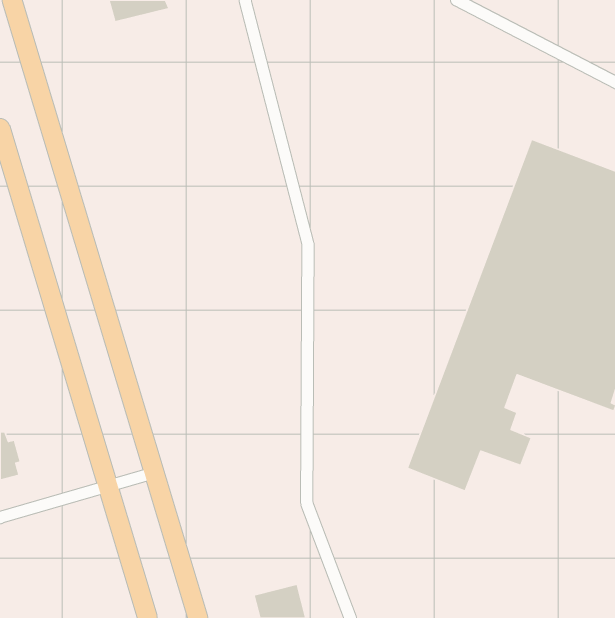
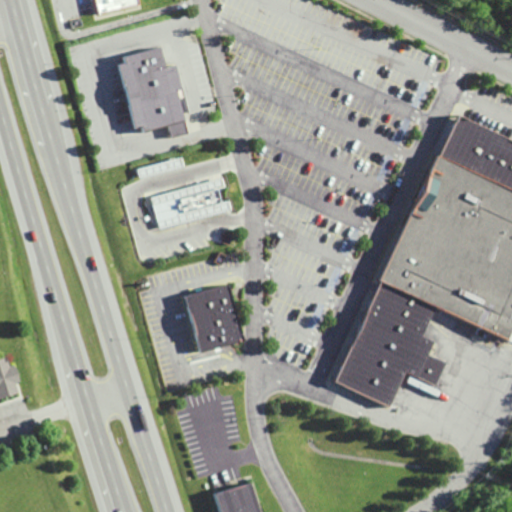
building: none -> [119,47,188,138]
building: none -> [152,178,231,228]
building: none -> [185,284,242,352]

